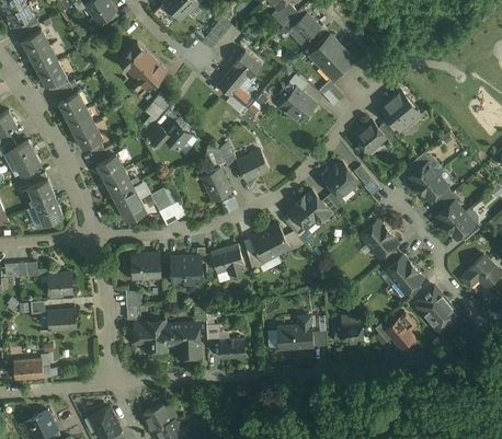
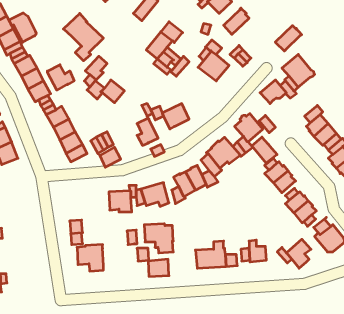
building: none -> [9,13,36,42]
building: [320,47,352,78] -> [275,26,302,51]
building: none -> [47,65,74,90]
building: none -> [252,137,277,163]
building: [132,253,160,278] -> none
building: [48,273,72,293] -> none
building: [47,309,77,331] -> none
building: [164,323,199,358] -> [144,224,173,253]

